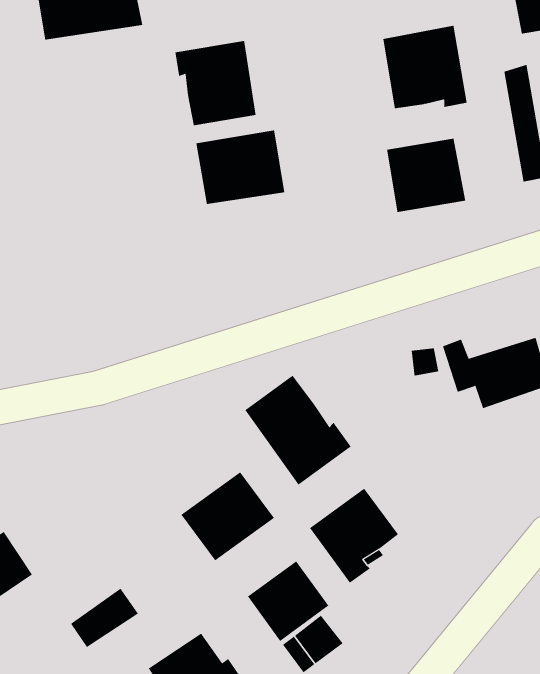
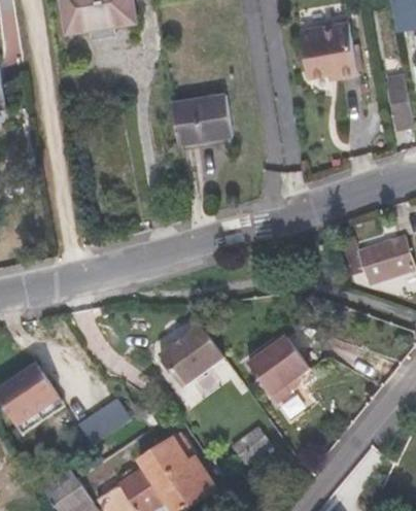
building: [175,40,256,126] -> none
building: [386,138,466,213] -> none
building: [245,375,351,485] -> none
building: [247,560,329,642] -> none

